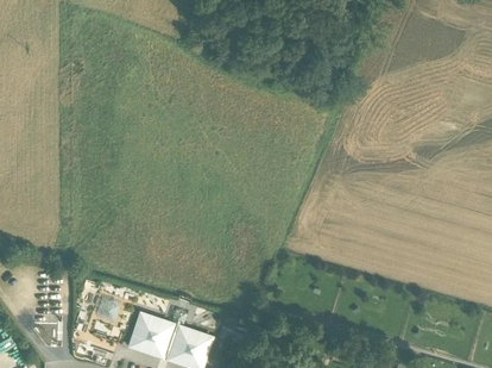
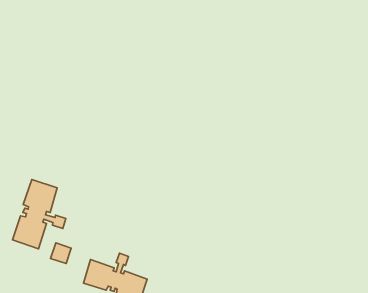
building: none -> [12,180,66,249]

